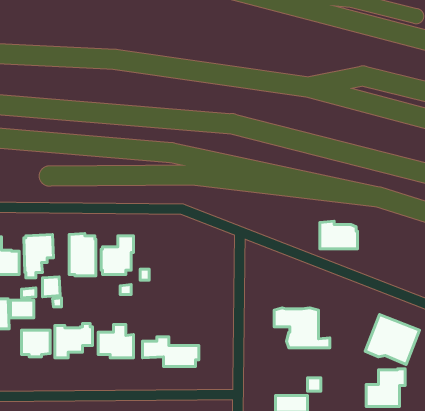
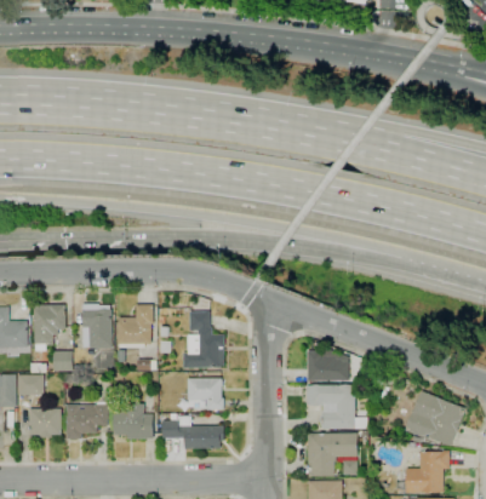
building: [320,221,357,249] -> [307,350,348,380]
building: none -> [182,311,224,367]
building: none -> [187,378,223,409]
building: none -> [307,434,367,476]

